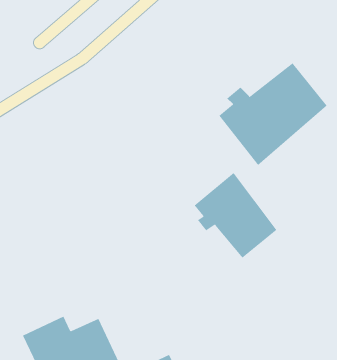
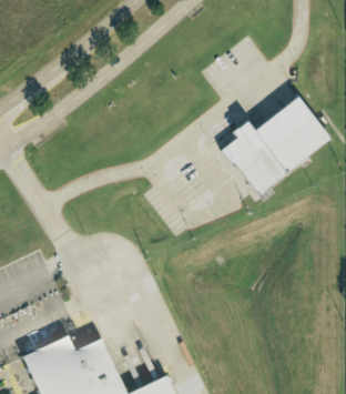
building: [194,172,277,258] -> none

